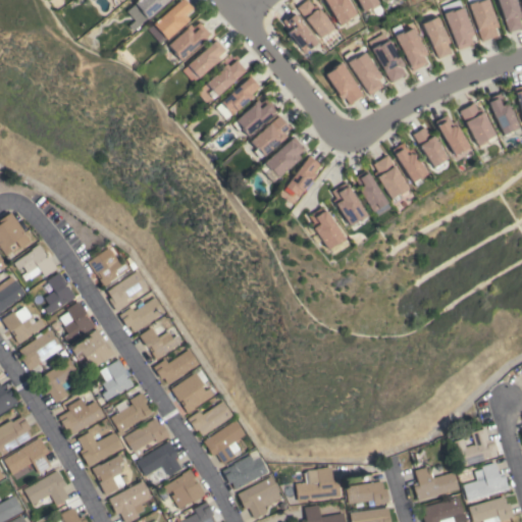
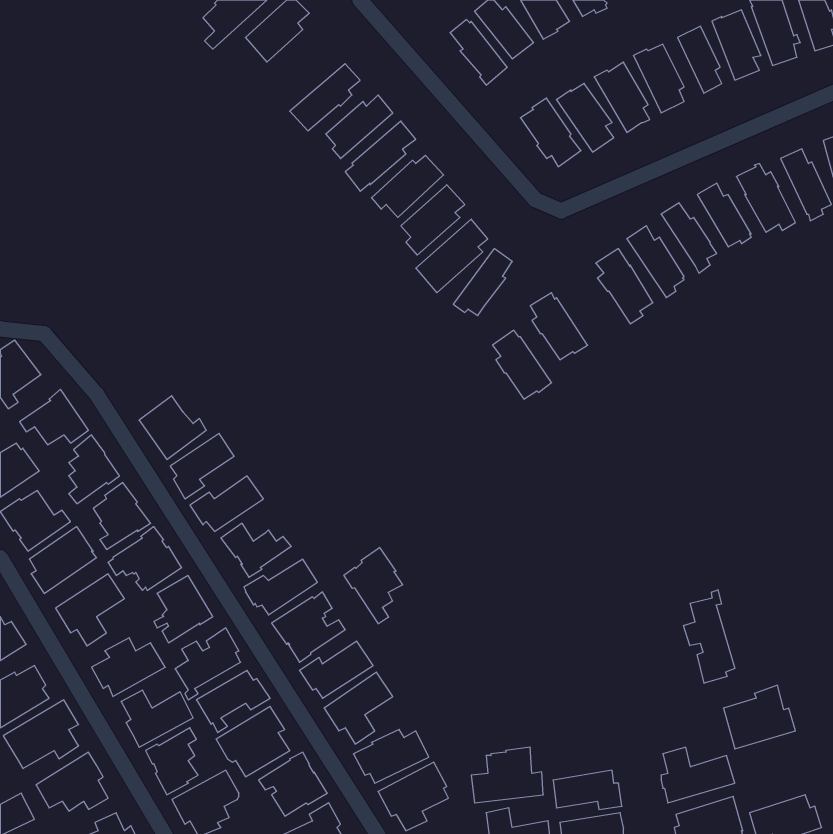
building: [169,22,211,61] -> none
building: [355,170,387,212] -> none
building: none -> [344,547,403,624]
building: none -> [684,590,735,683]
building: [463,463,509,503] -> none

